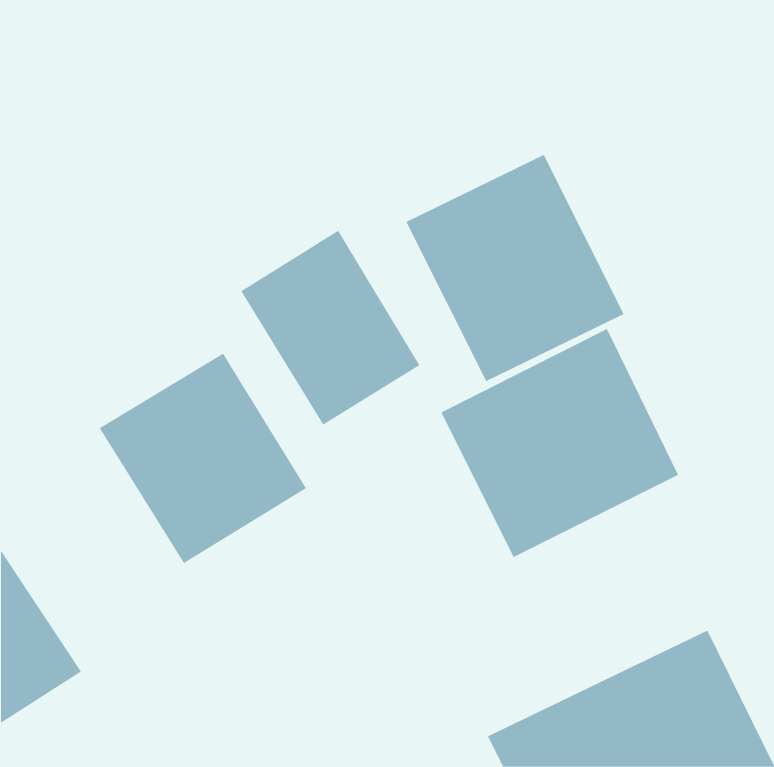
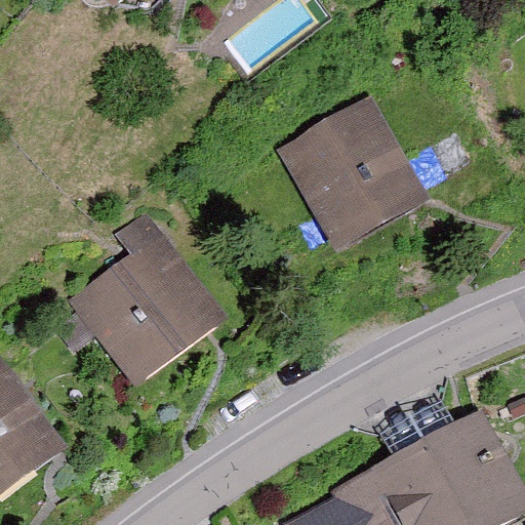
building: [240,230,420,425] -> none
building: [441,328,679,558] -> none

